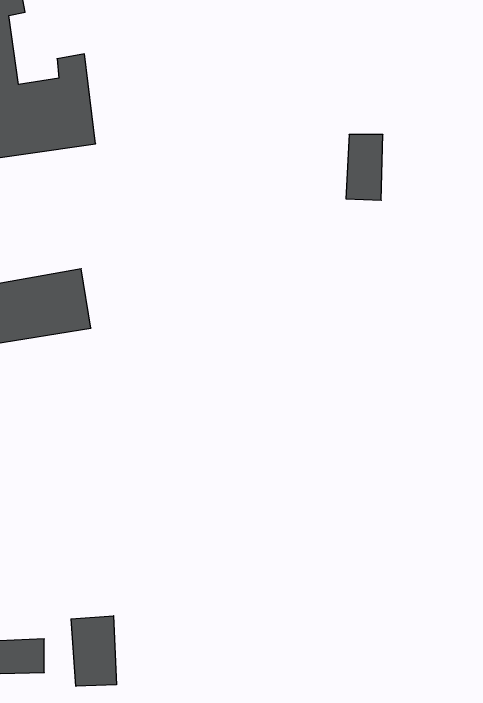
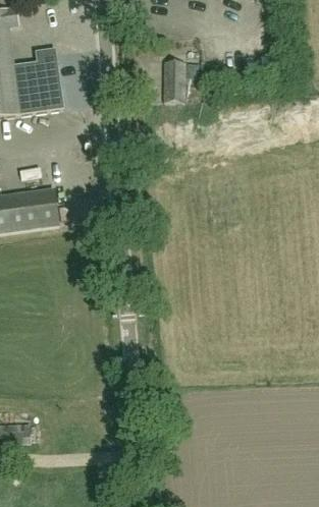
building: [346,135,383,200] -> [162,61,185,103]
building: [71,616,116,686] -> none

